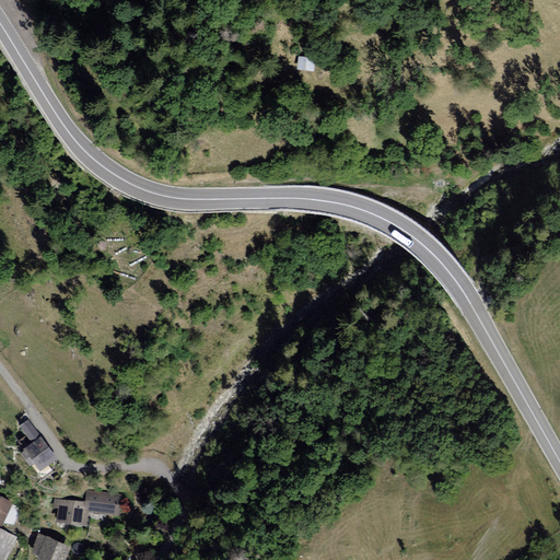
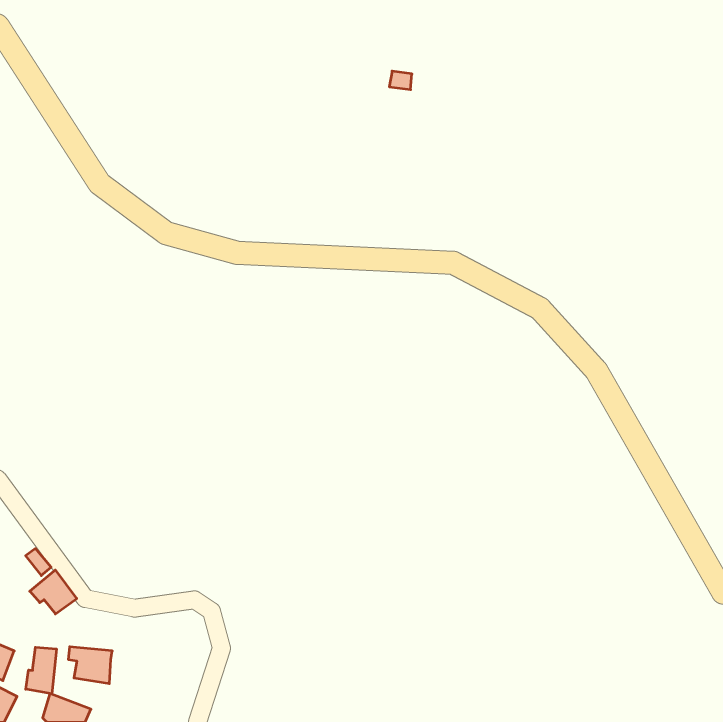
building: [85,490,118,511] -> none
building: none -> [26,647,56,694]

